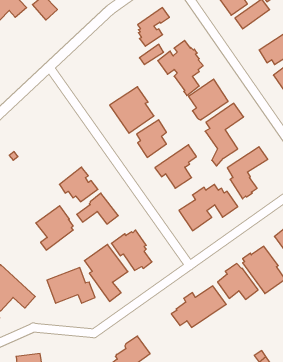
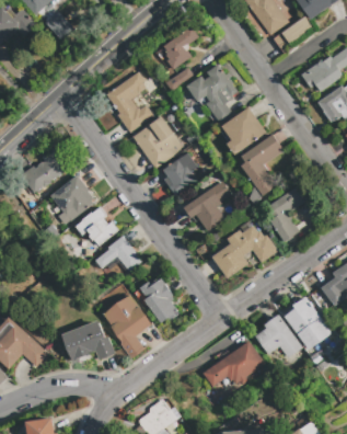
building: none -> [105,66,155,132]
building: none -> [20,149,67,193]
building: [36,206,73,250] -> [50,175,93,226]

